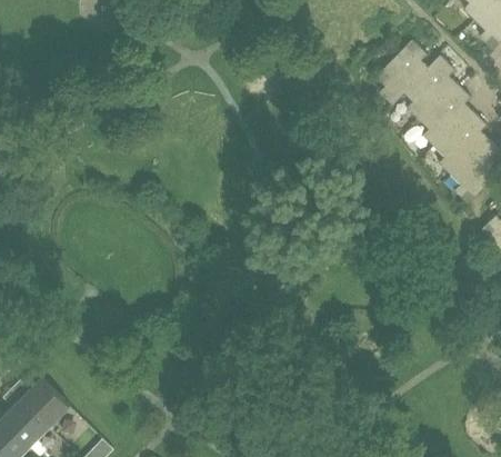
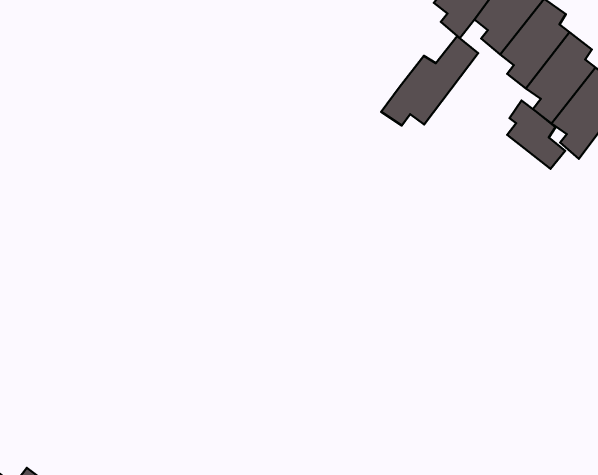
building: none -> [381,36,478,125]
building: none -> [507,101,565,169]

